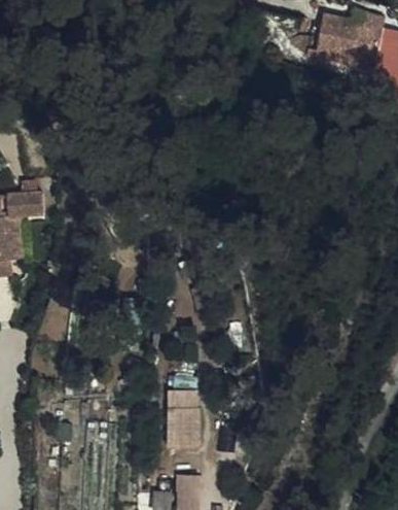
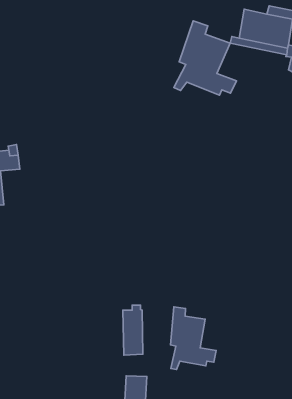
building: none -> [174,21,236,95]
building: none -> [170,307,216,369]

